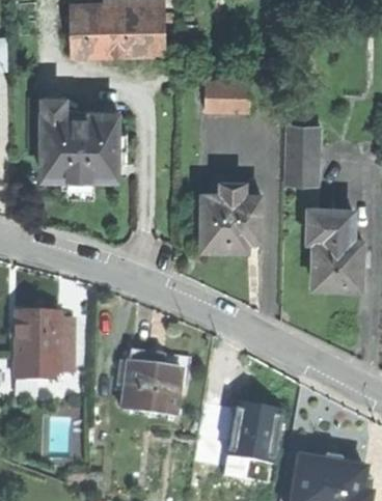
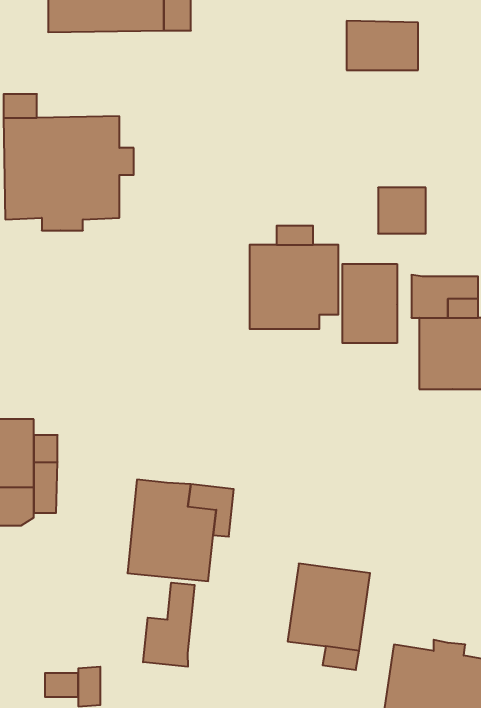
building: [203,81,250,113] -> [347,21,418,70]
building: [285,128,317,158] -> none
building: none -> [342,264,397,343]
building: none -> [143,583,195,667]

